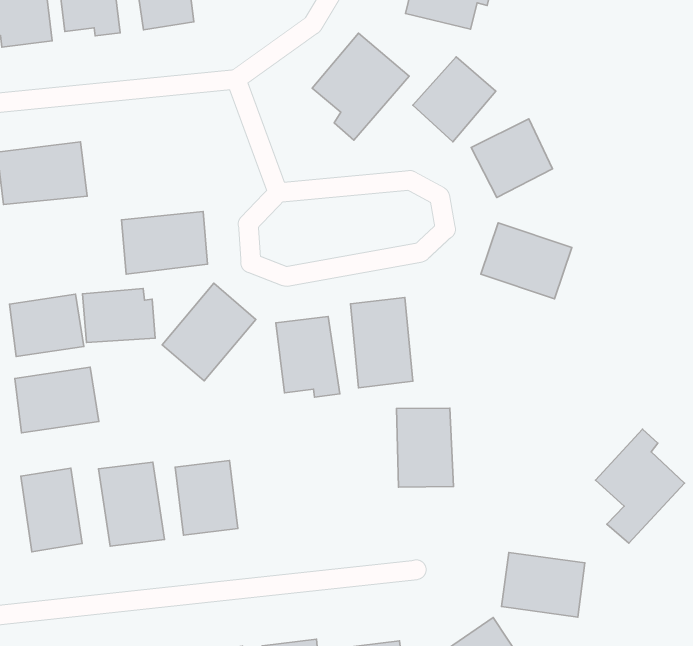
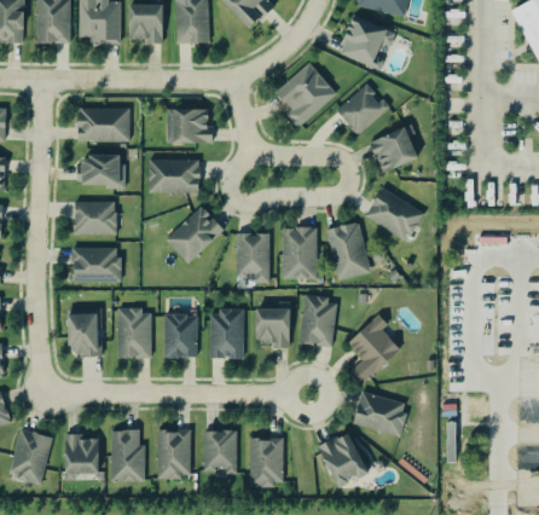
building: none -> [173,109,211,143]
building: none -> [326,221,369,279]
building: [83,288,155,343] -> [81,155,124,187]
building: [595,429,684,543] -> [346,314,400,383]
building: none -> [255,308,290,348]
building: none -> [209,309,243,359]

